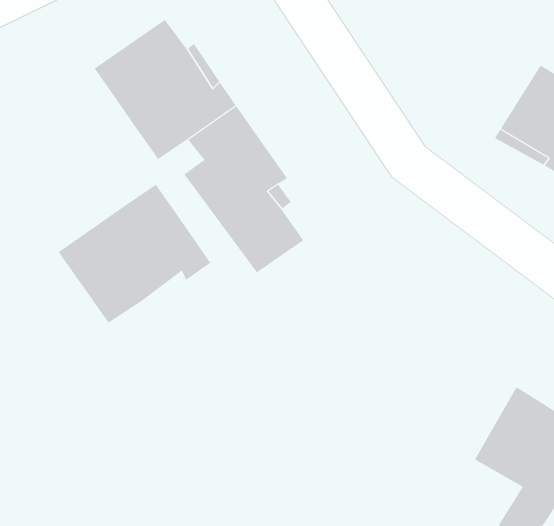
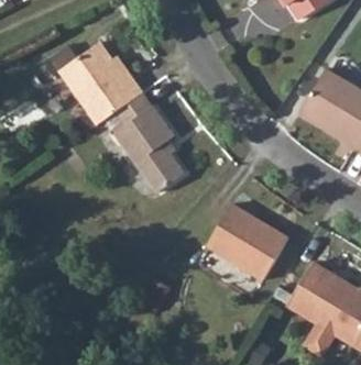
building: [58,184,211,324] -> none
building: none -> [206,204,288,280]

